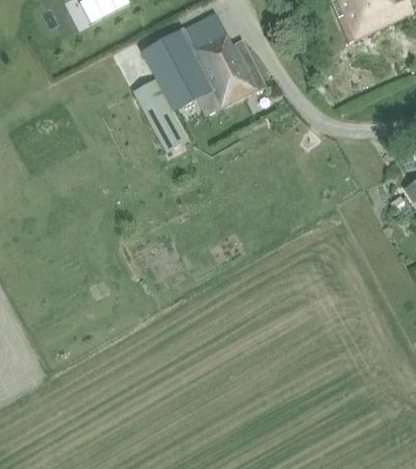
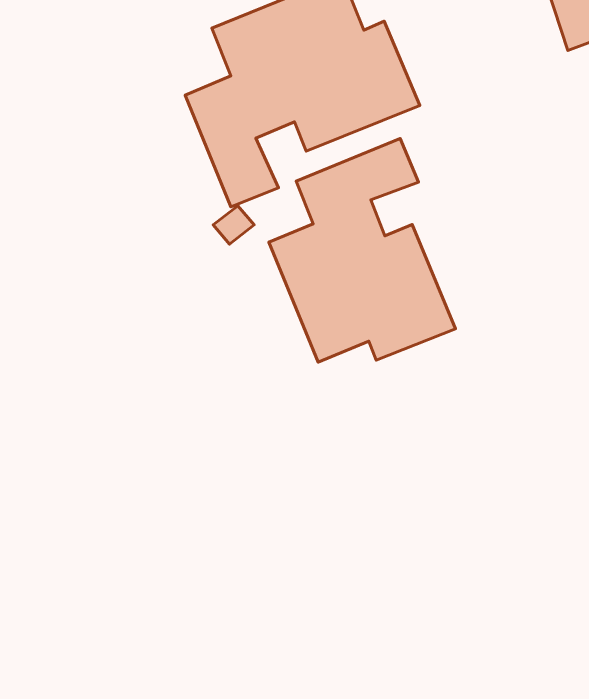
building: none -> [269,139,455,362]

